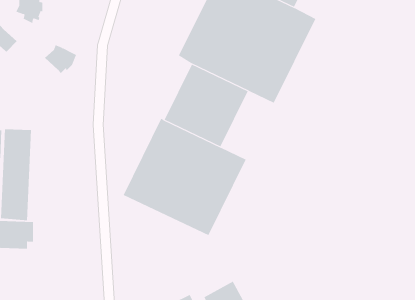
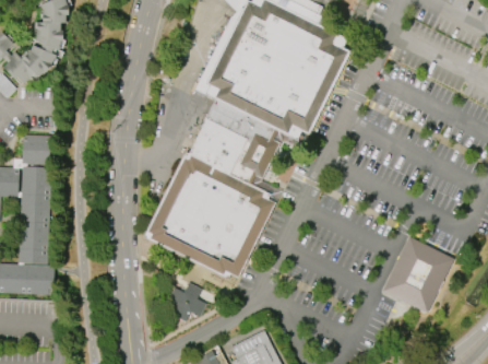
building: [44,45,77,74] -> [21,45,56,77]
building: none -> [21,136,50,165]
building: none -> [381,236,453,313]
building: none -> [166,283,204,321]

